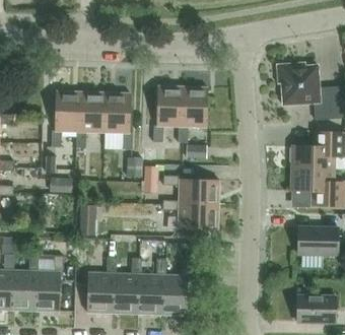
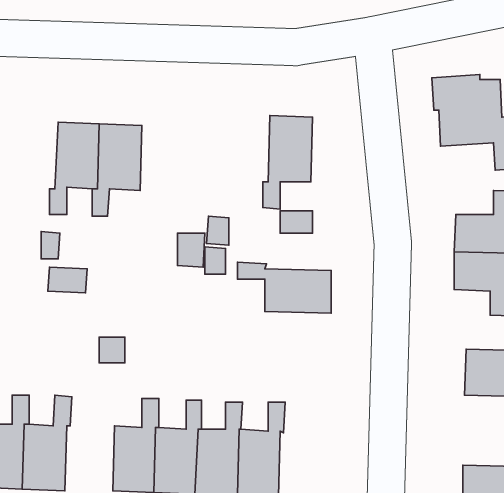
building: [152,87,182,142] -> none
building: [105,93,132,148] -> none
building: [161,199,218,230] -> none

